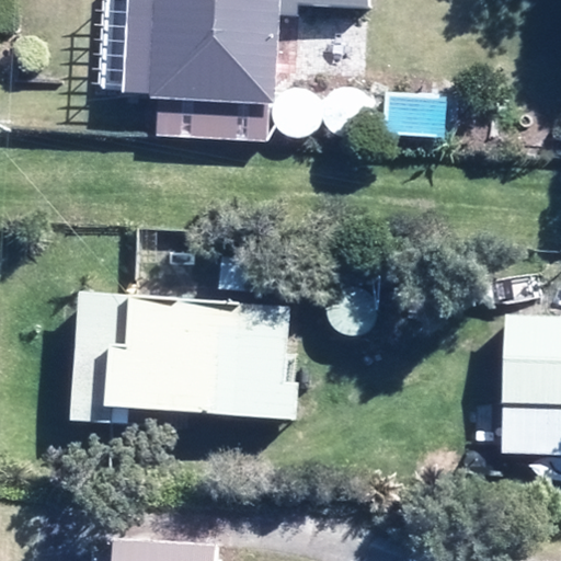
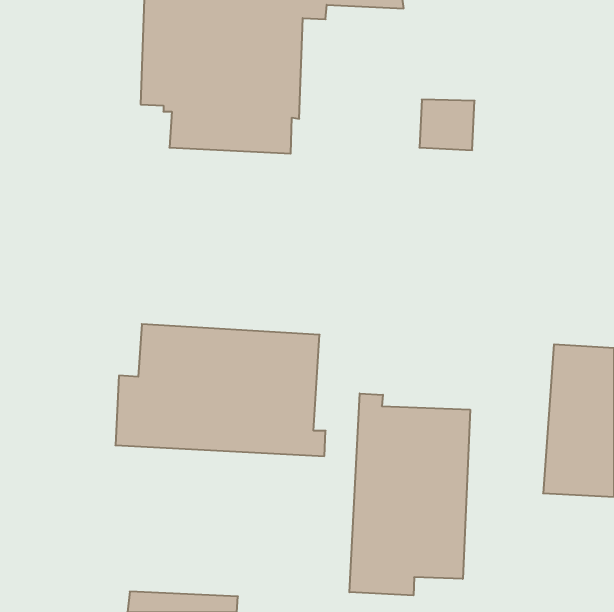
building: none -> [349,393,470,595]

